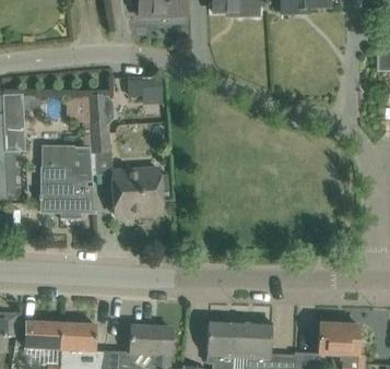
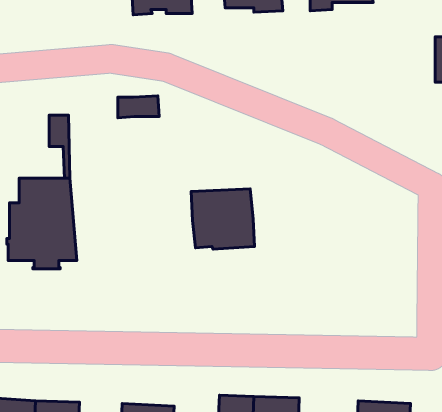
building: [87,94,114,151] -> none
building: [111,168,162,216] -> [191,189,254,249]

